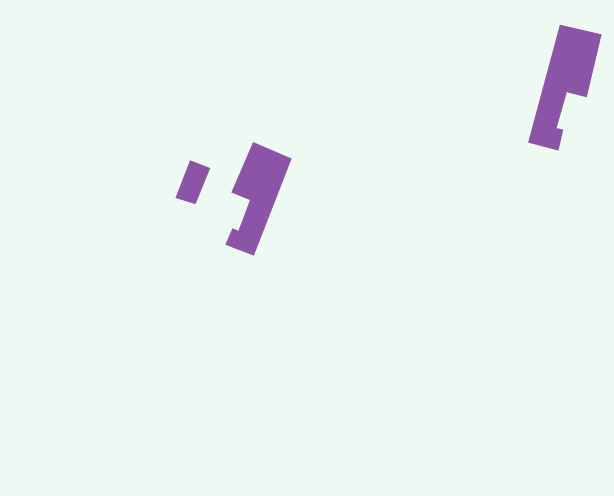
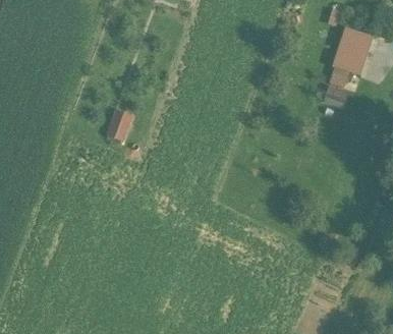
building: [224,141,293,257] -> none

